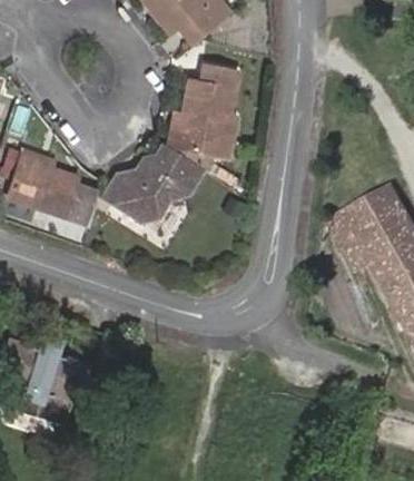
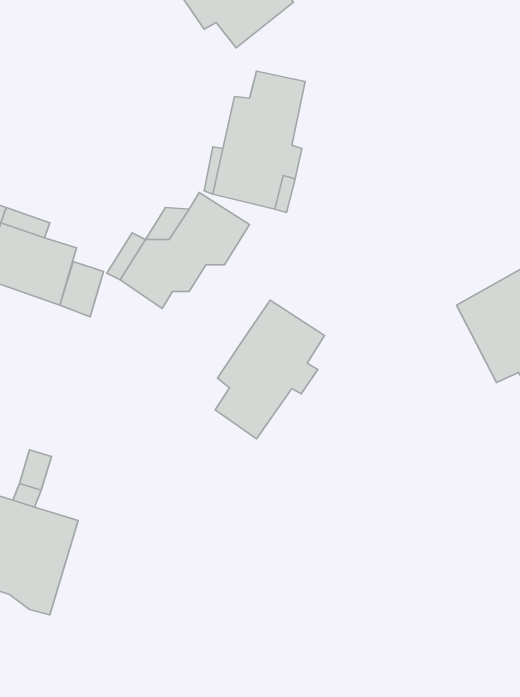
building: none -> [215,300,325,439]

